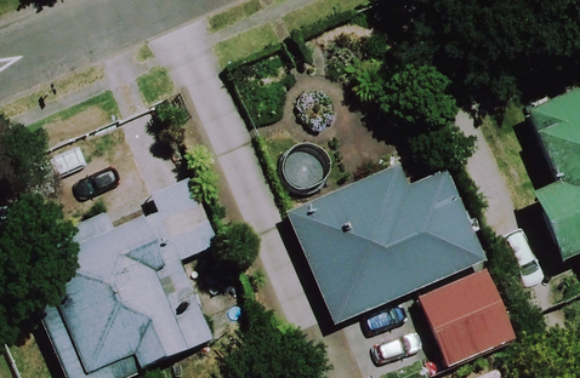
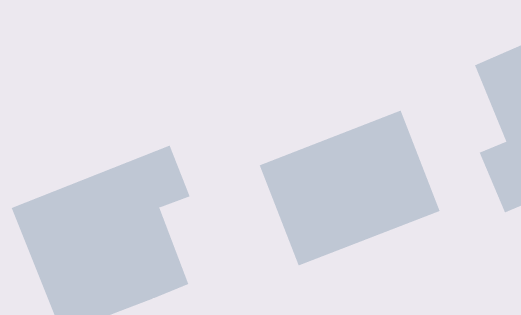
building: [422,279,513,365] -> none

